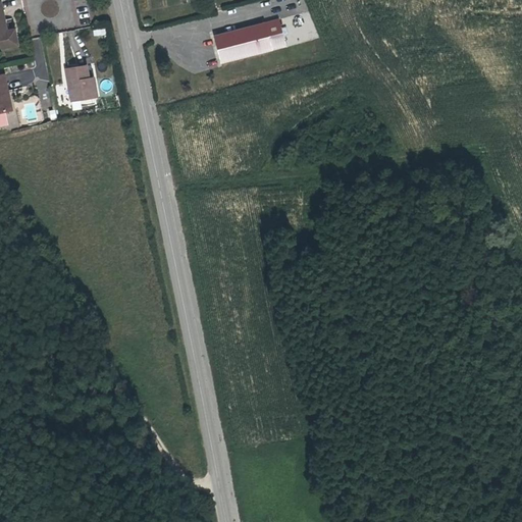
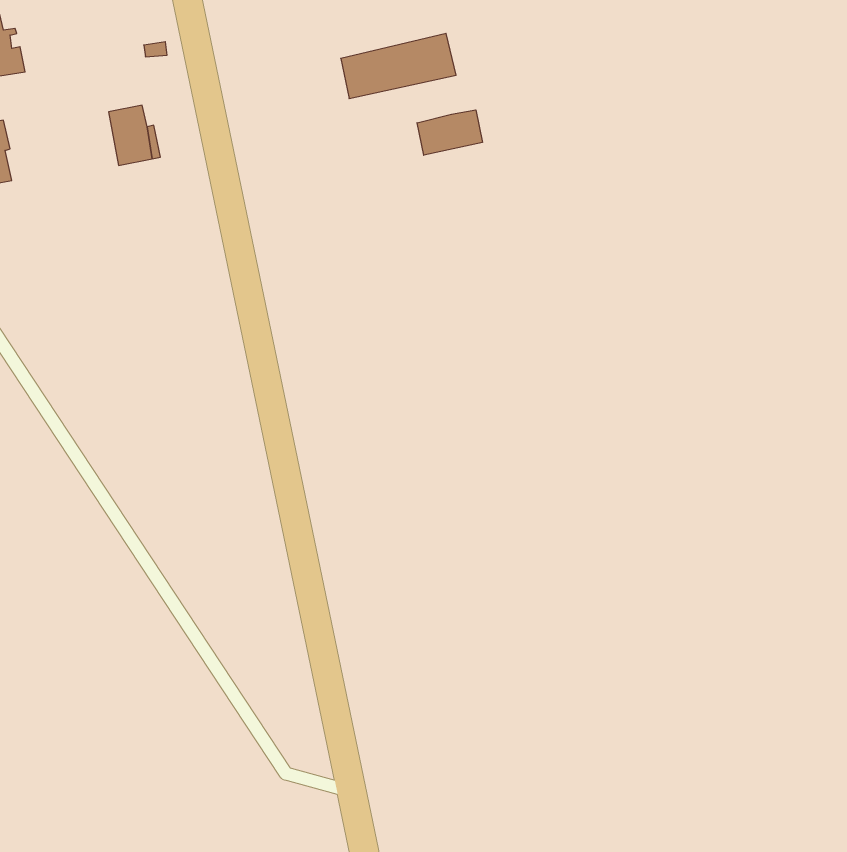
building: none -> [417,110,482,155]

